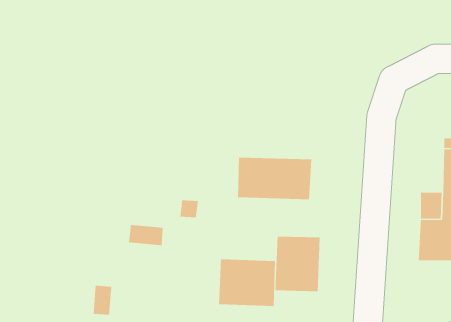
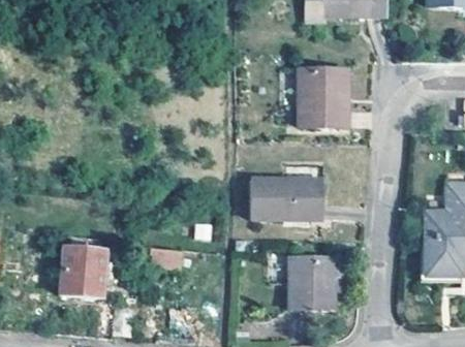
building: none -> [297,69,346,125]
building: none -> [58,244,103,293]
building: [219,258,275,307] -> none

